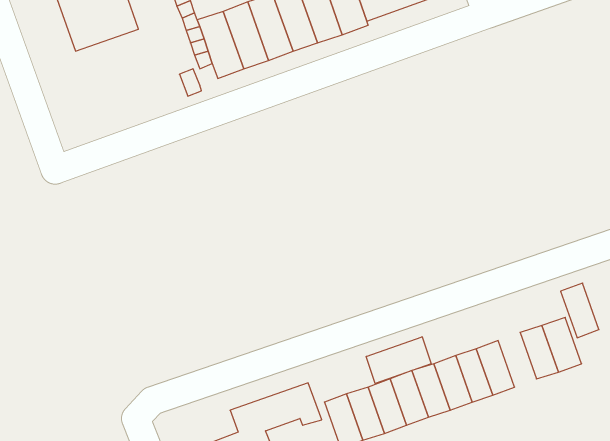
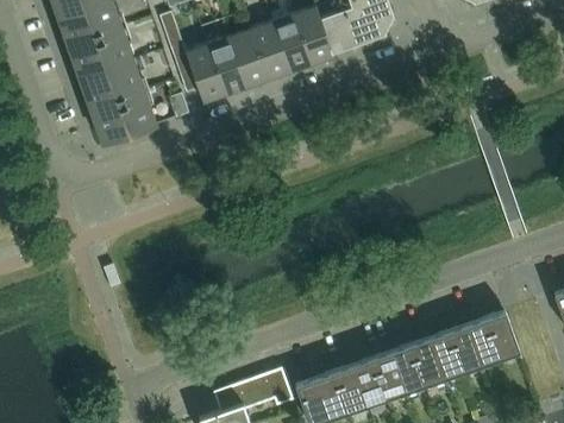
building: none -> [80,59,157,144]
building: [561,283,599,338] -> [447,323,481,371]
building: [366,337,431,384] -> none

